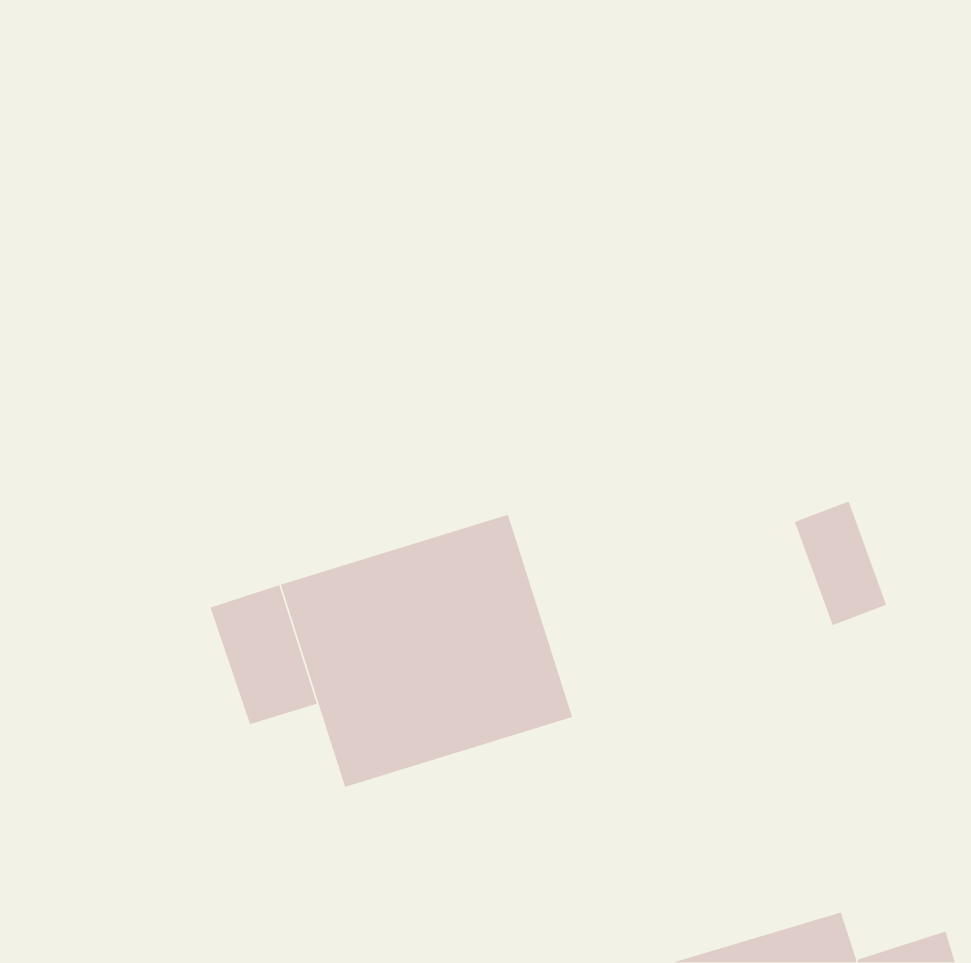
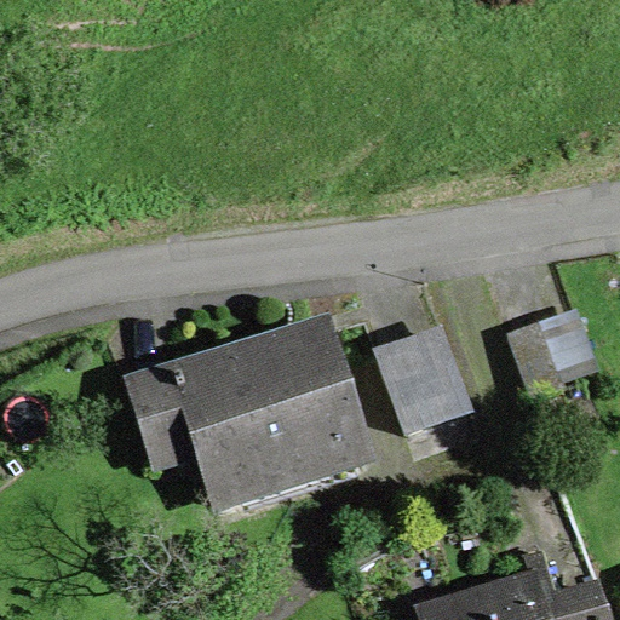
building: none -> [381,338,472,430]

